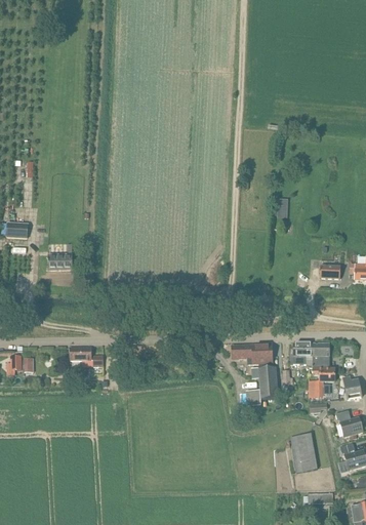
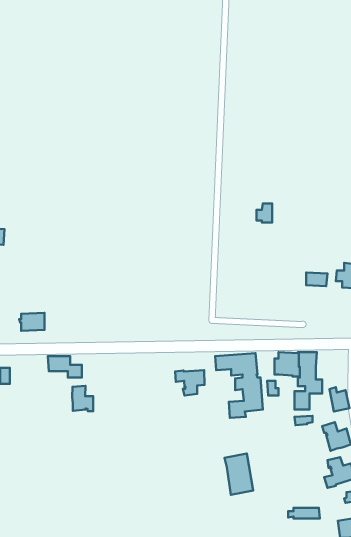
building: [47,252,72,270] -> [19,313,44,331]
building: none -> [175,370,204,395]
building: none -> [72,386,93,411]
building: [290,432,318,472] -> [225,454,253,495]

